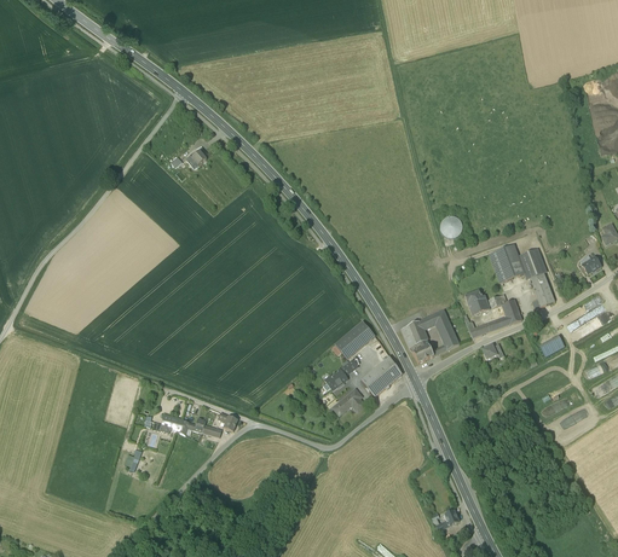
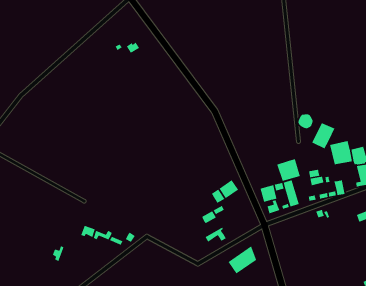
building: none -> [311,122,335,150]
building: none -> [276,158,301,182]
building: [360,354,402,398] -> [227,245,257,274]

